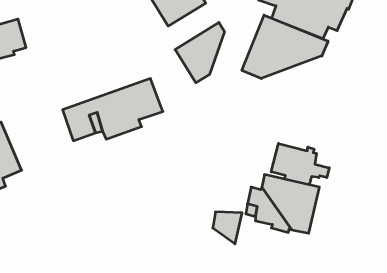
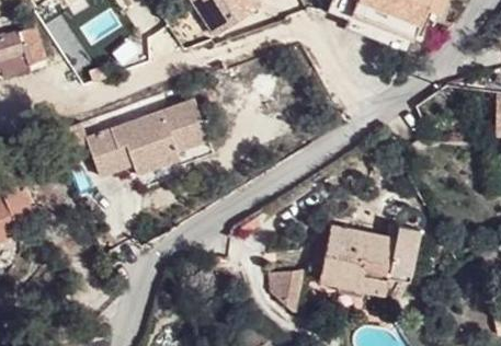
building: [242,15,328,79] -> none
building: [175,22,224,83] -> none
building: [271,143,329,185] -> none

